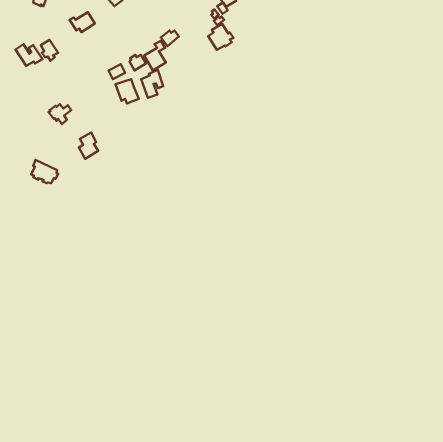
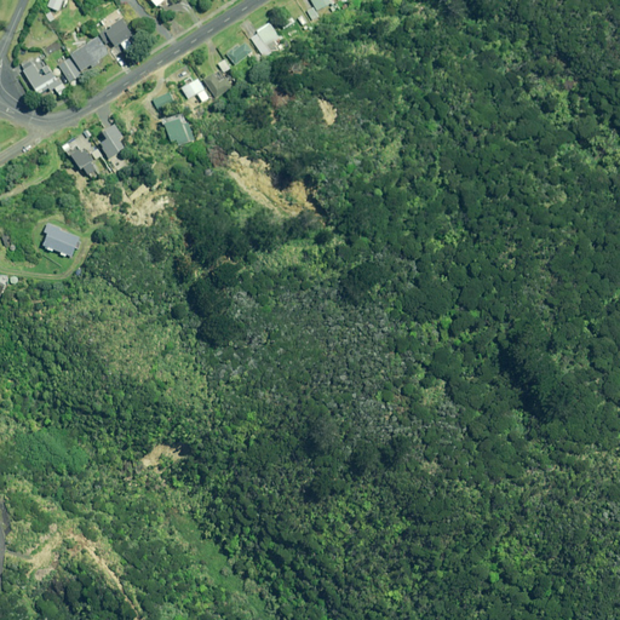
building: [208,24,233,50] -> [249,19,285,56]
building: none -> [68,34,109,70]
building: [141,70,163,98] -> none
building: [79,133,98,159] -> [98,121,125,157]

